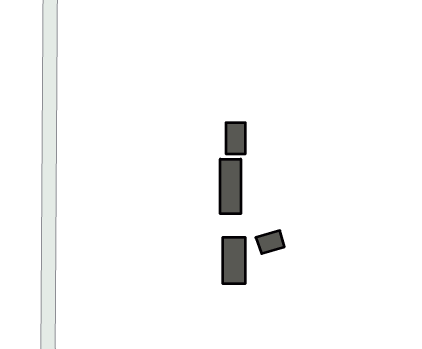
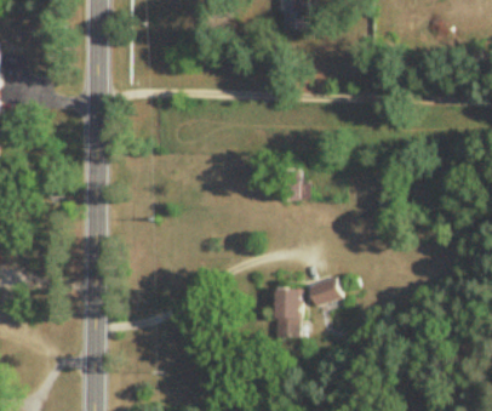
building: [220,159,241,214] -> none

